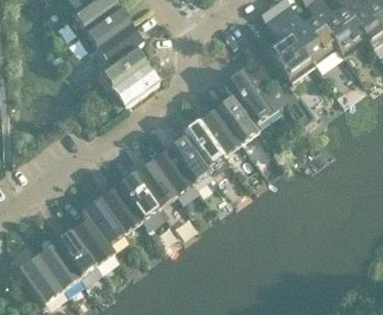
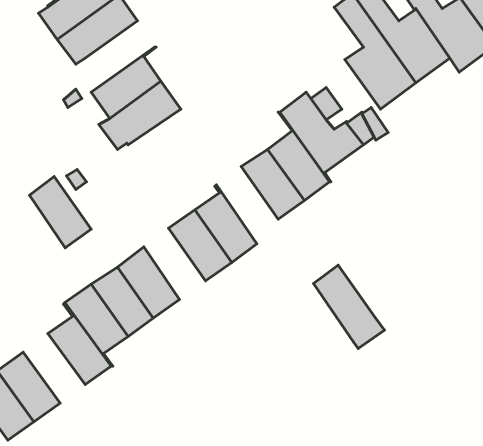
building: [94,23,140,70] -> none
building: [181,119,228,174] -> [313,265,385,349]
building: [133,160,174,207] -> [29,177,91,248]
building: [53,230,94,276] -> none

